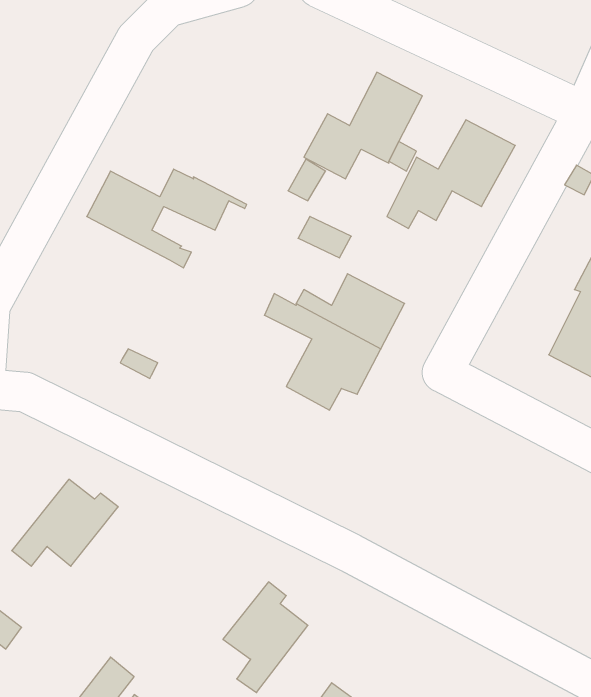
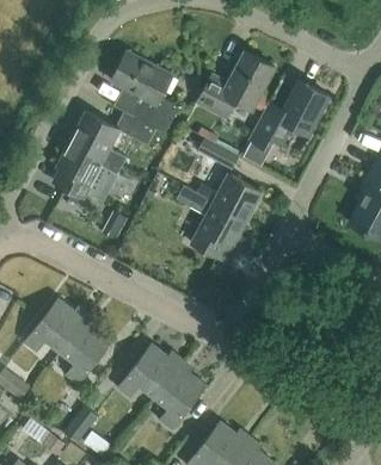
building: none -> [112,51,178,134]
building: none -> [56,141,119,203]
building: none -> [60,316,112,384]
building: none -> [116,343,179,396]

